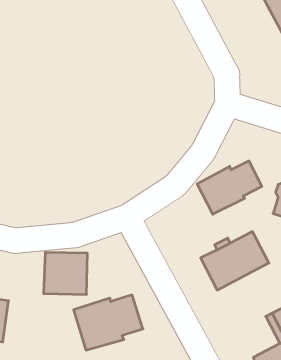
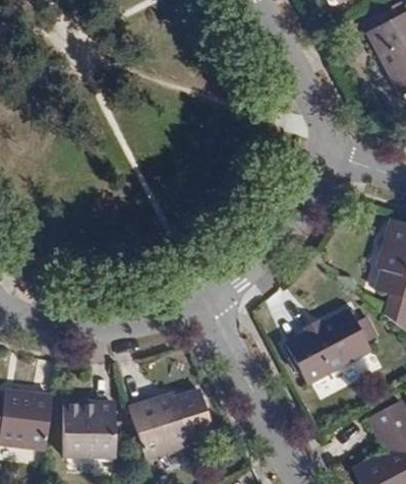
building: [197,161,262,214] -> none
building: [44,252,87,294] -> [61,405,115,457]

